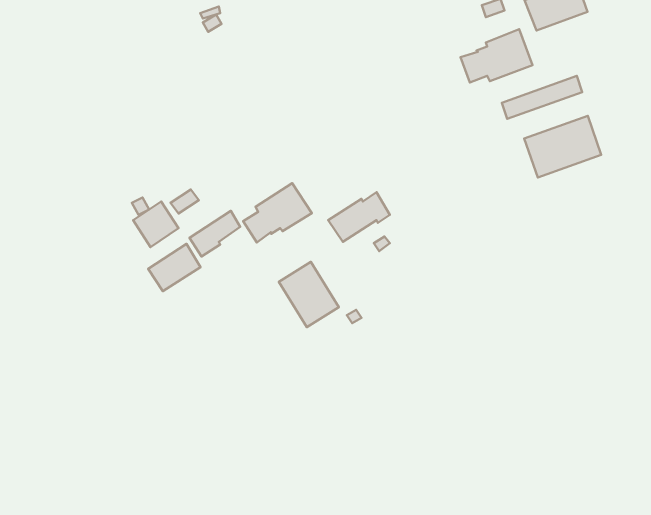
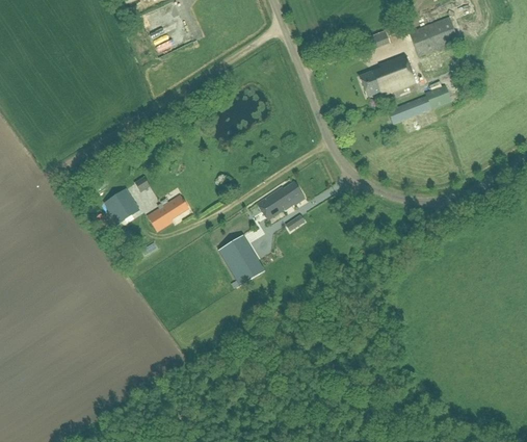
building: [524,116,601,177] -> none
building: [243,183,312,242] -> none
building: [148,244,201,291] -> none

